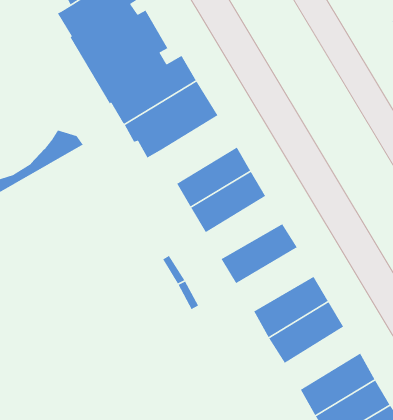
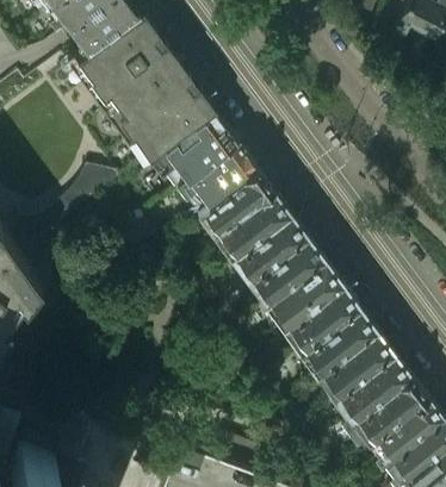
building: none -> [174,143,256,217]
building: none -> [235,214,306,277]
building: none -> [262,260,341,329]
building: none -> [322,330,392,393]

